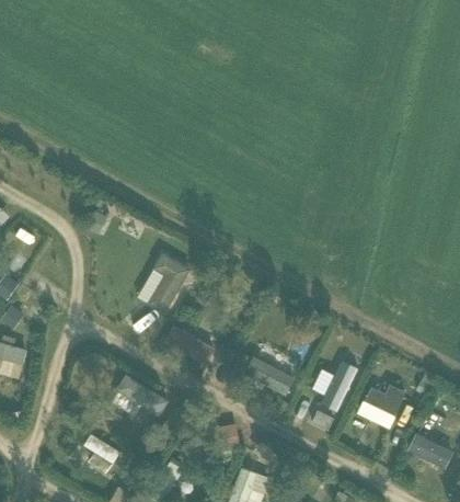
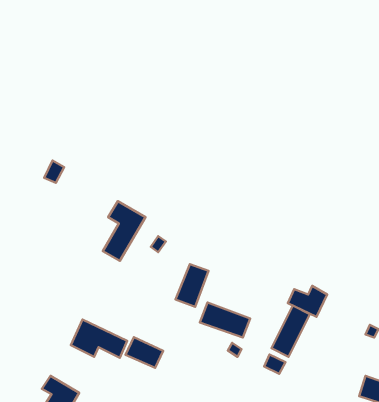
building: none -> [175,264,209,307]
building: [361,385,402,417] -> [288,286,327,317]
building: none -> [125,337,163,368]

